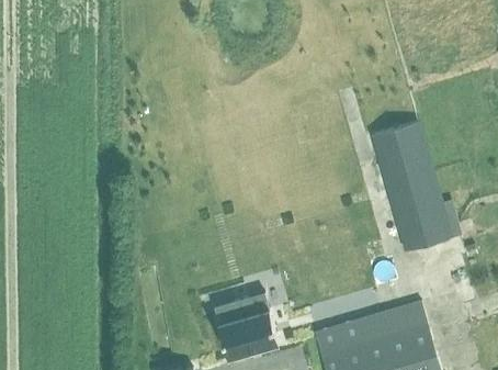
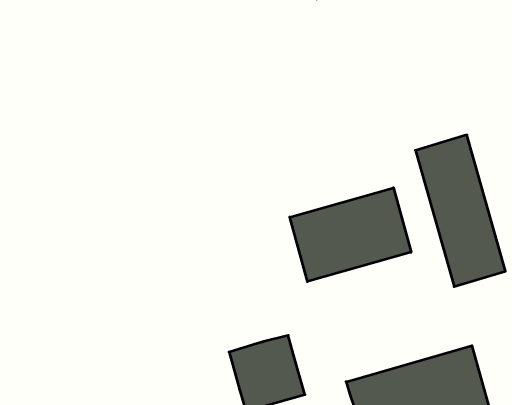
building: none -> [290,188,411,282]

